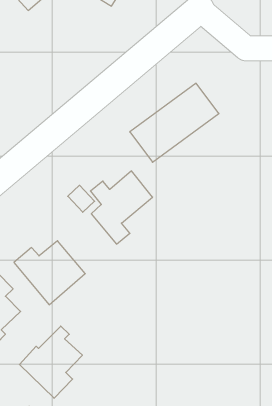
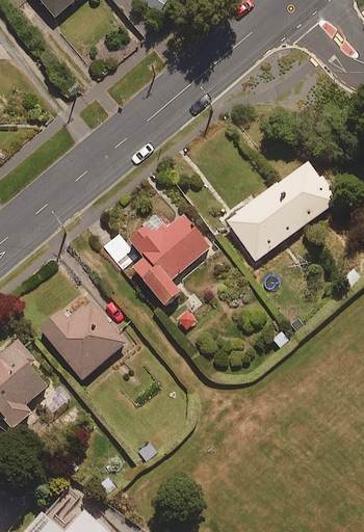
building: [130,83,219,162] -> [227,161,337,259]
building: [19,326,82,398] -> none

